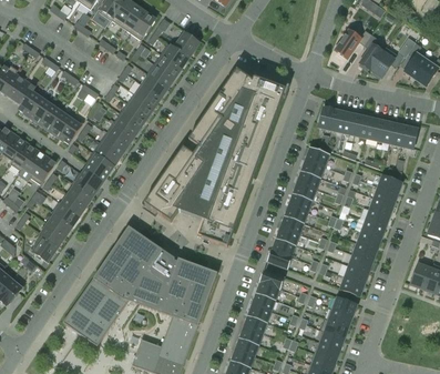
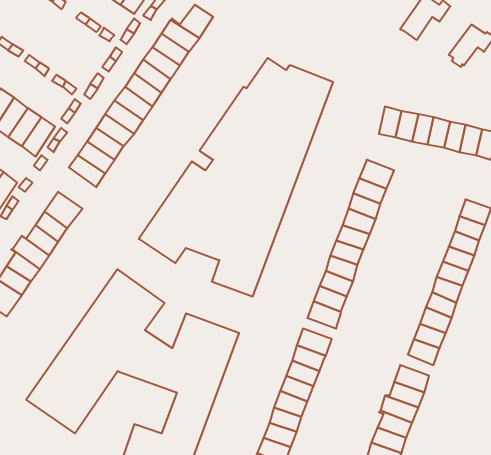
building: [360,34,387,70] -> none
building: [85,152,113,182] -> none

